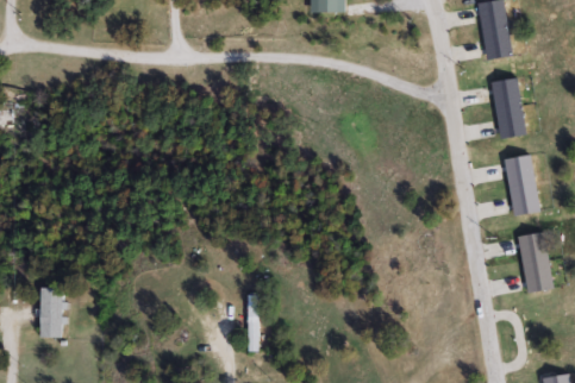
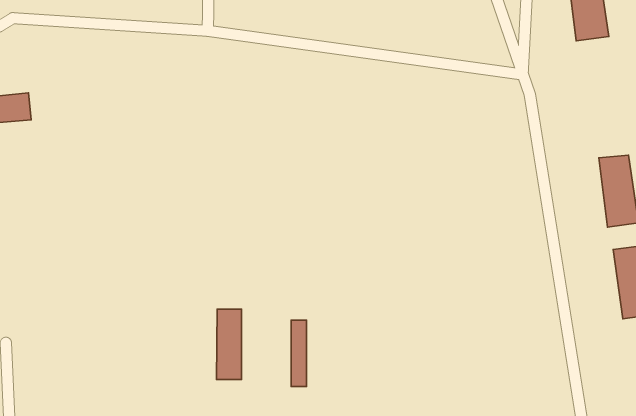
building: [492,77,526,138] -> none
building: none -> [216,309,242,380]
building: [43,287,63,337] -> none

